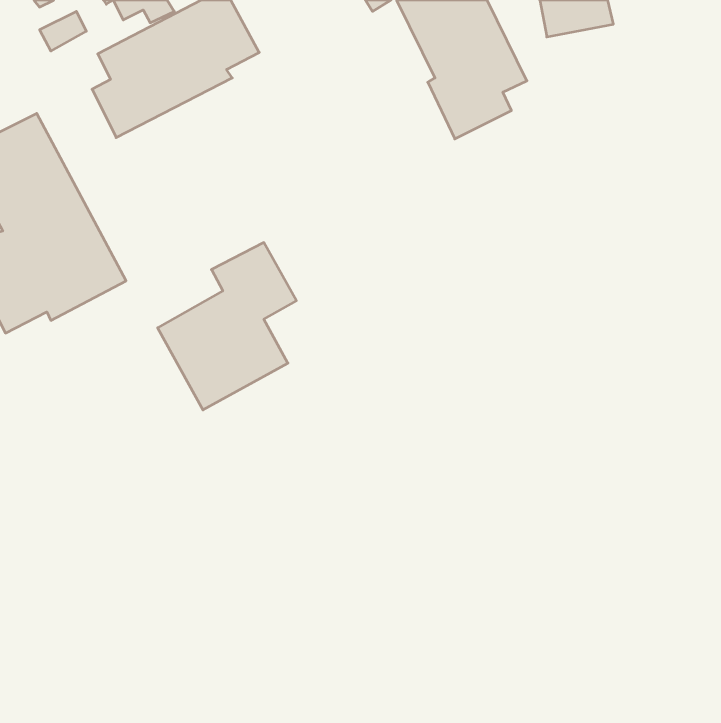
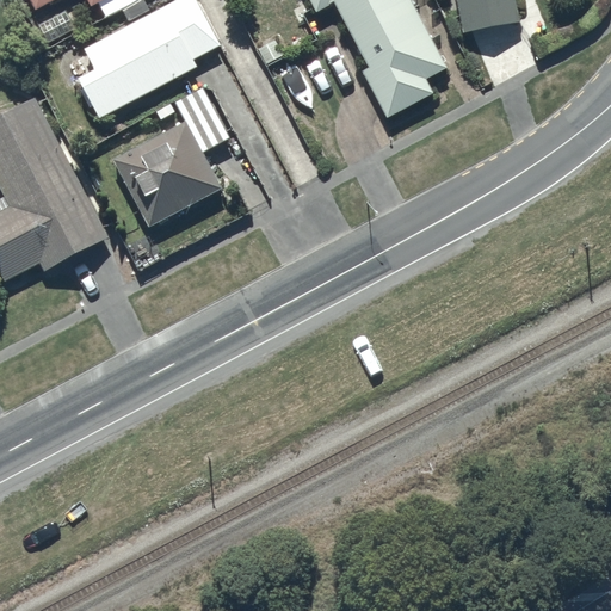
building: [158,243,296,410] -> [111,87,228,228]

